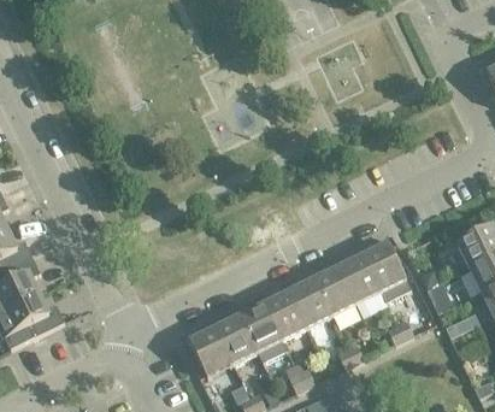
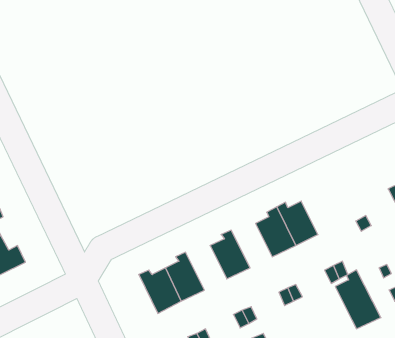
building: [363,237,412,301] -> [335,270,381,329]
building: [287,279,331,328] -> none
building: [237,304,287,363] -> none

